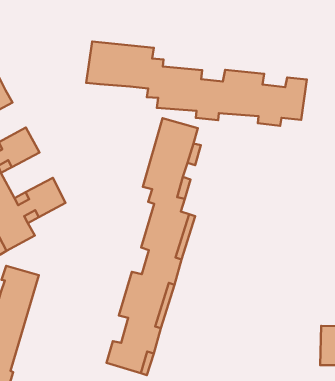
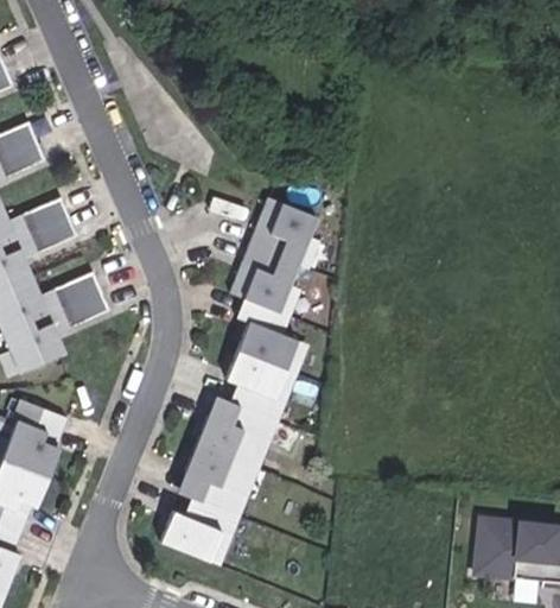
building: [86,42,307,126] -> none

